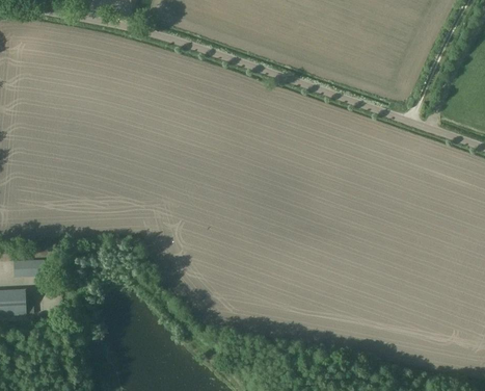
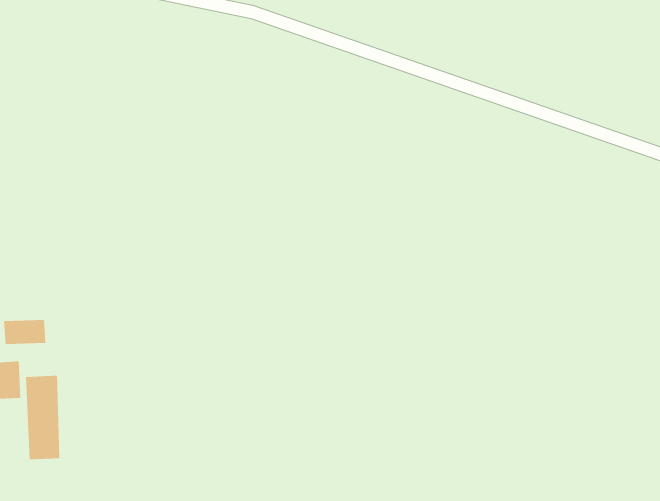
building: none -> [25,375,60,460]

